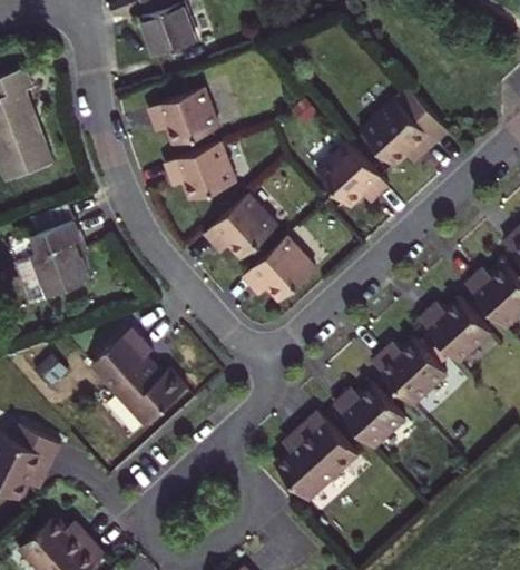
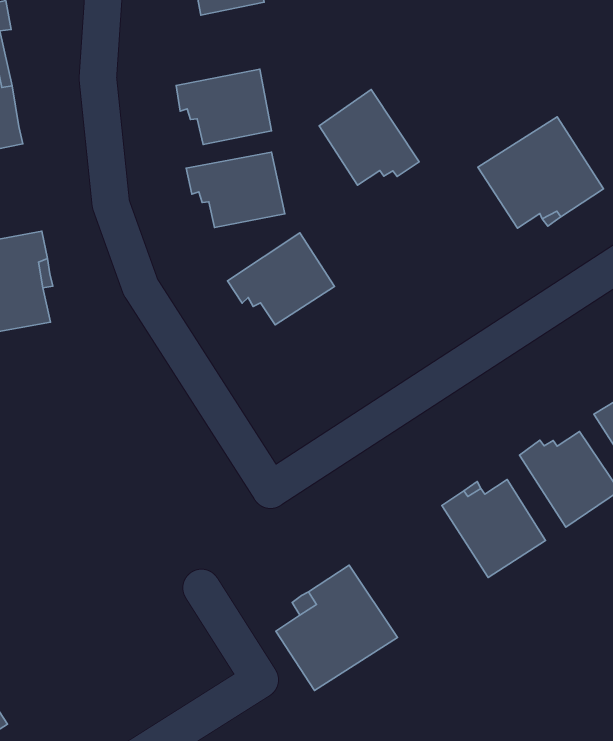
building: [316,142,387,208] -> [319,90,419,185]
building: [242,238,315,303] -> none
building: [90,328,186,426] -> none
building: [333,384,404,450] -> none

